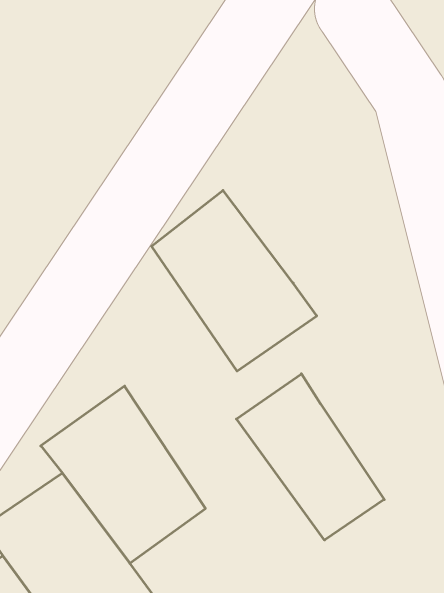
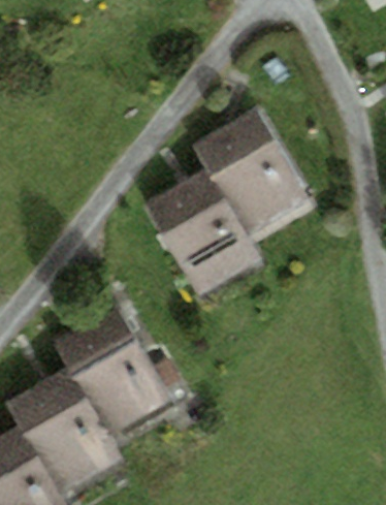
building: none -> [192,107,312,240]
building: [236,374,384,540] -> none

